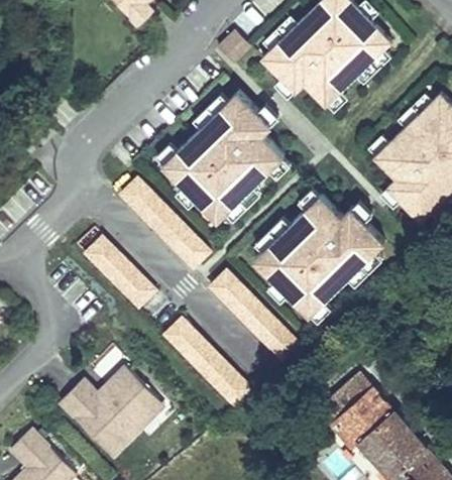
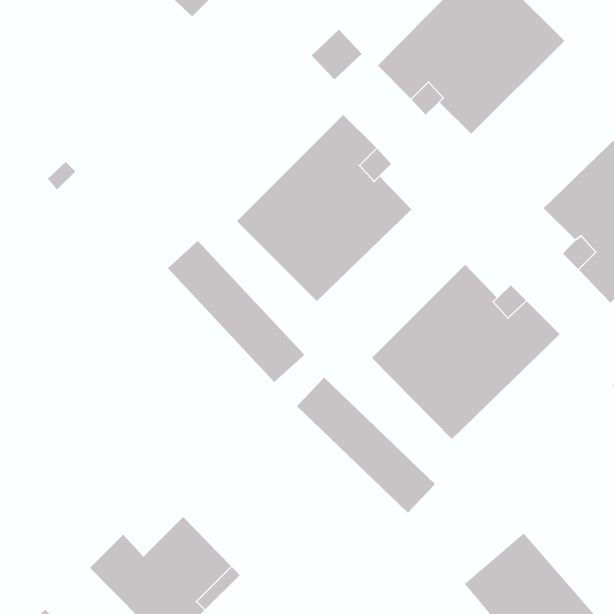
building: [82,234,158,311] -> none
building: [162,317,250,404] -> none

